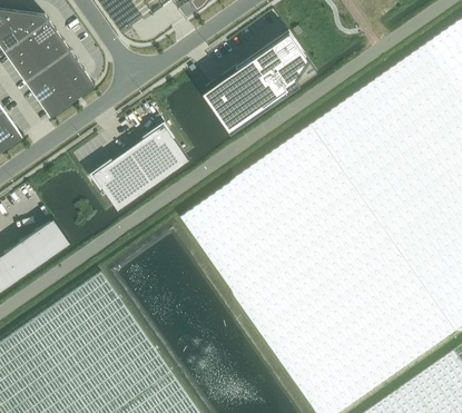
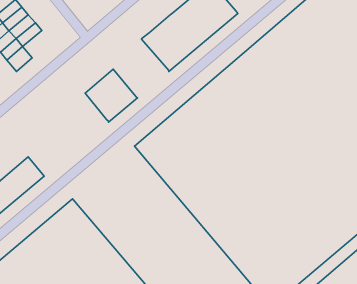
building: [59,70,94,101] -> none
building: [92,149,153,210] -> none

